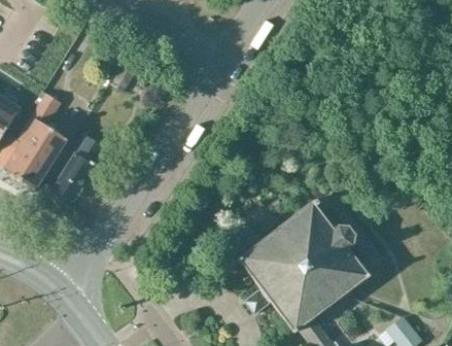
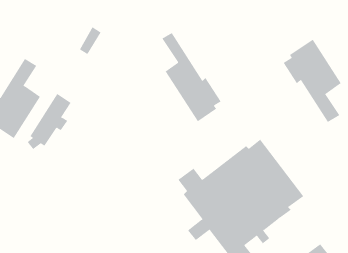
building: none -> [162,32,222,122]
building: none -> [283,39,342,123]

